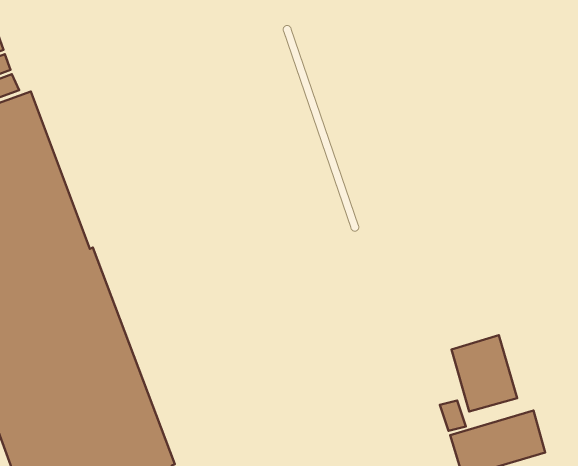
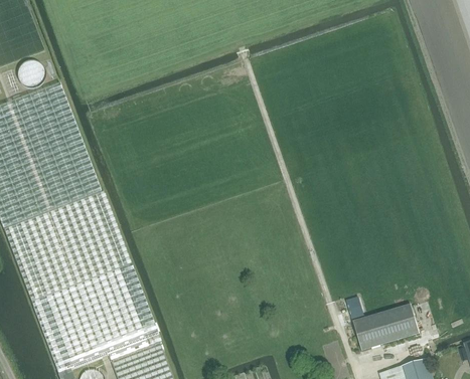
building: [452,335,517,412] -> none

